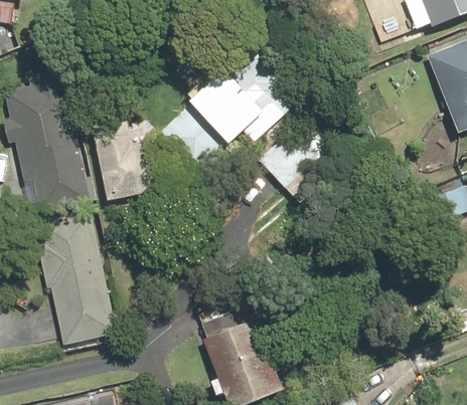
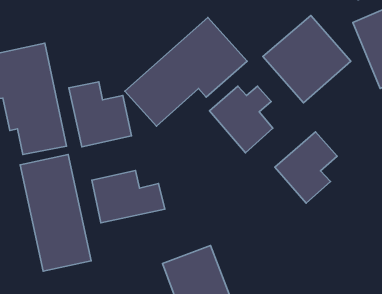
building: none -> [263,16,351,103]
building: none -> [275,132,337,203]
building: none -> [92,171,165,223]

